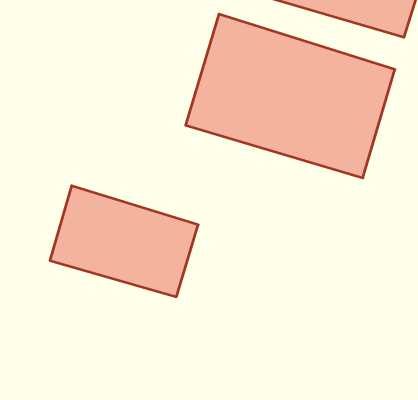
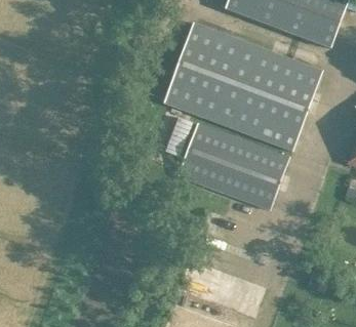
building: [50,186,198,297] -> [177,122,289,209]

